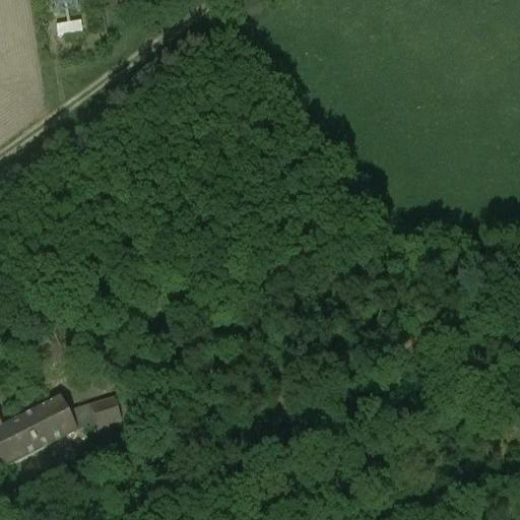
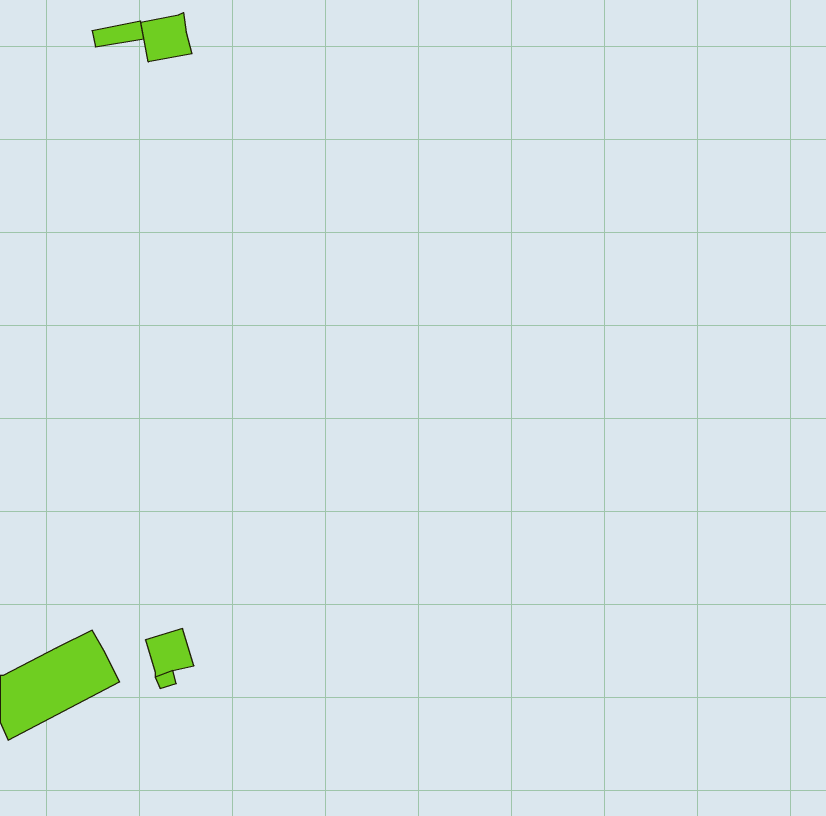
building: none -> [141,13,192,62]
building: [66,402,98,429] -> none

